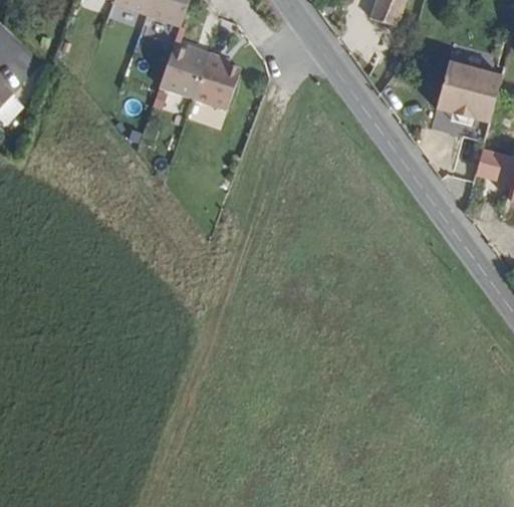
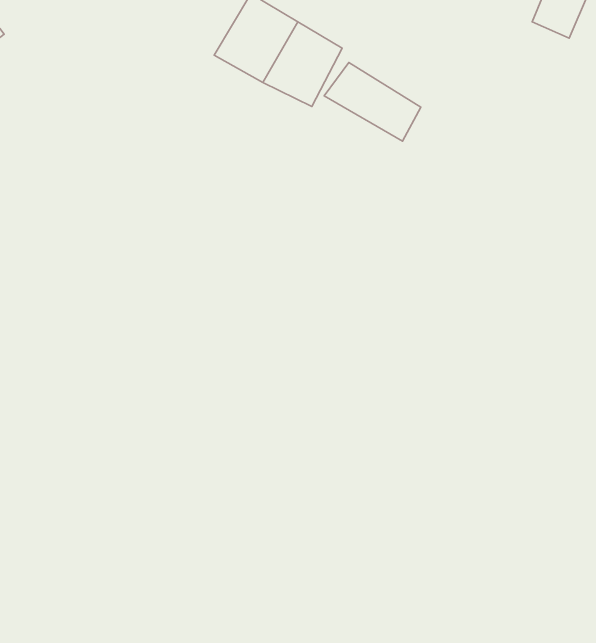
building: none -> [324,63,421,141]

